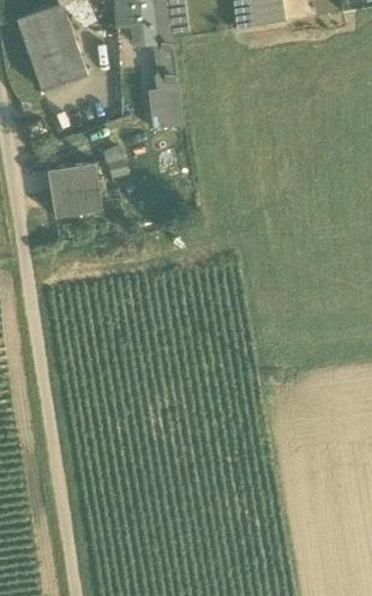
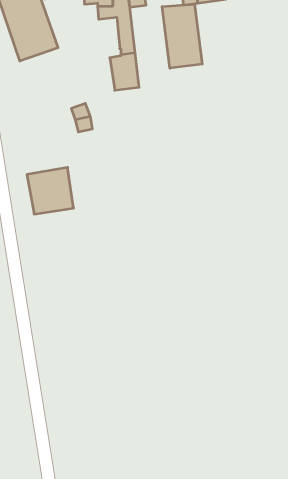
building: none -> [162,4,202,68]
building: [46,161,101,216] -> [27,167,74,214]

